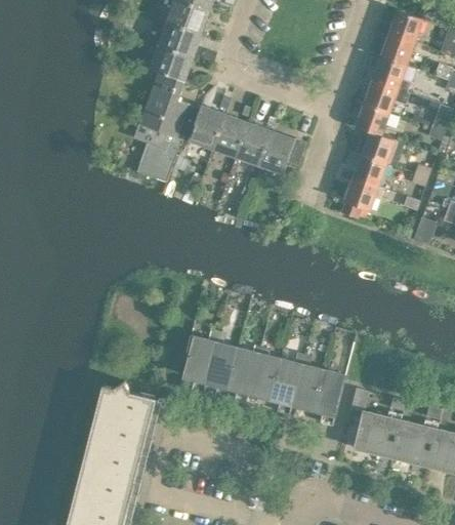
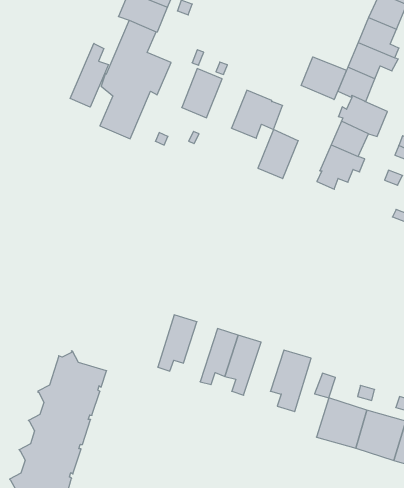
building: none -> [70,43,109,107]
building: none -> [301,57,347,100]
building: [188,104,224,149] -> none
building: [236,120,272,165] -> [258,129,298,179]
building: [184,334,216,391] -> none
building: [228,347,257,402] -> none
building: [285,362,320,415] -> none

